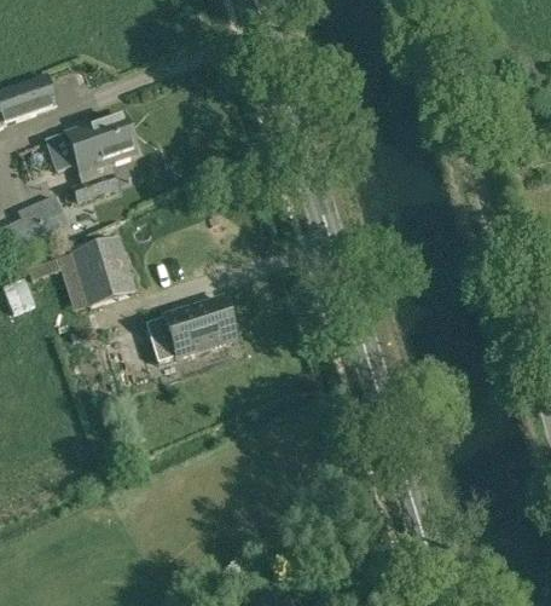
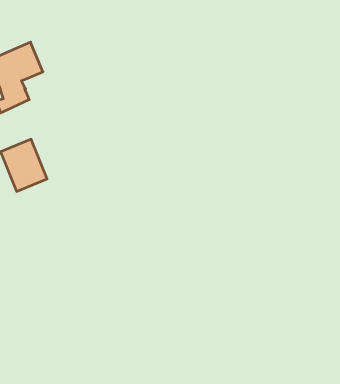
building: [144,298,233,362] -> none

